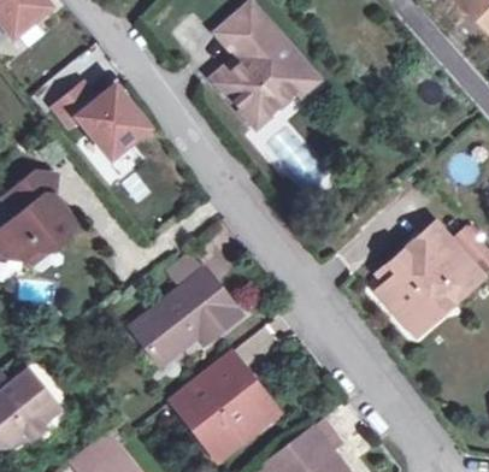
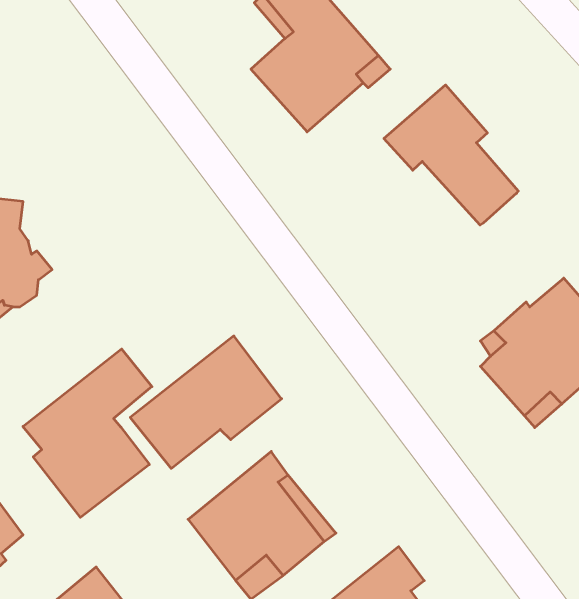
building: [55,82,148,154] -> none
building: none -> [384,85,518,225]
building: none -> [23,349,152,517]

